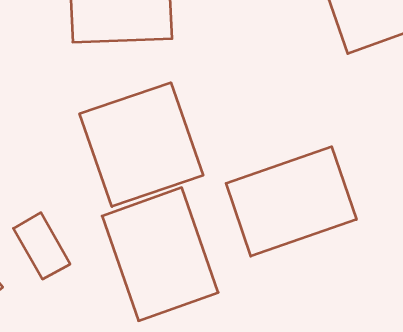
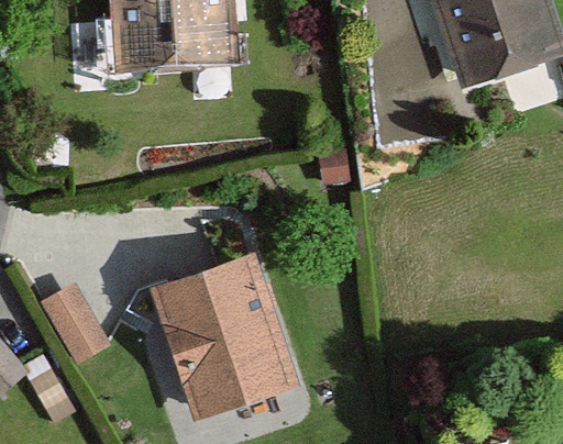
building: [80,83,203,207] -> none
building: [226,147,356,256] -> none

